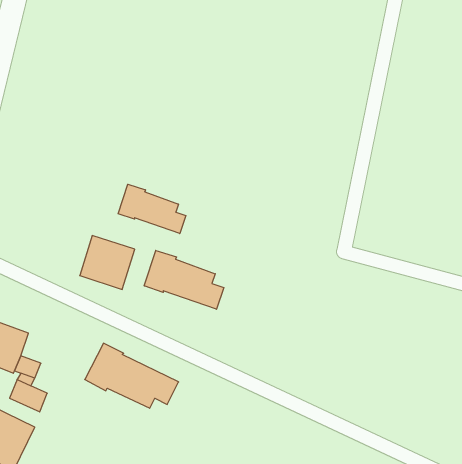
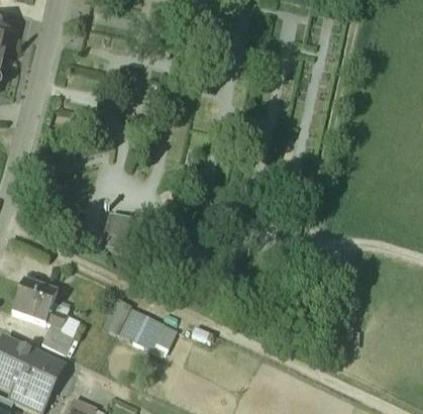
building: [118,184,186,234] -> none
building: [144,250,224,309] -> none

